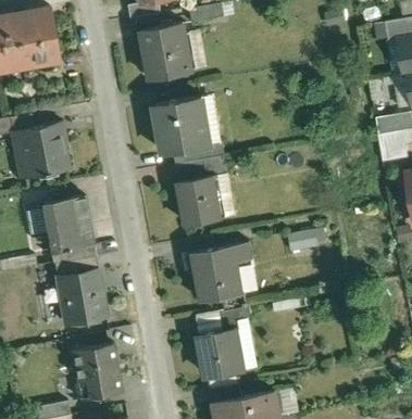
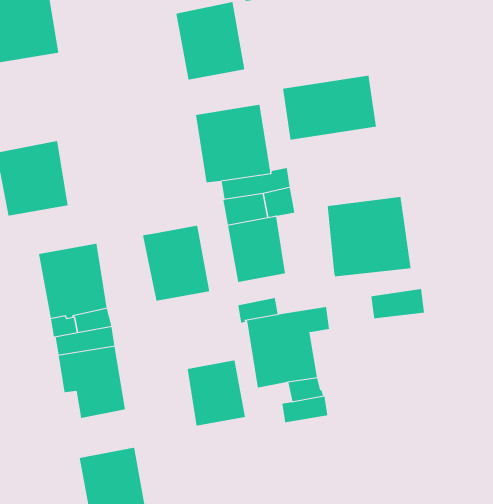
building: none -> [282,75,377,140]
building: none -> [327,196,411,277]
building: none -> [142,225,210,301]
building: [200,329,242,377] -> [187,360,246,426]

